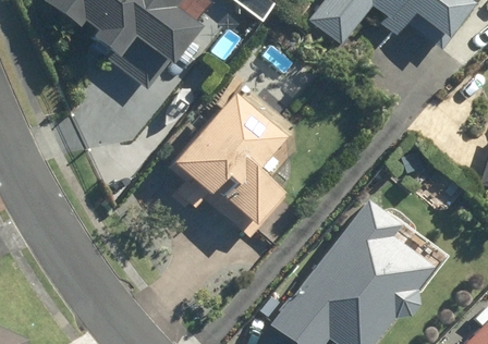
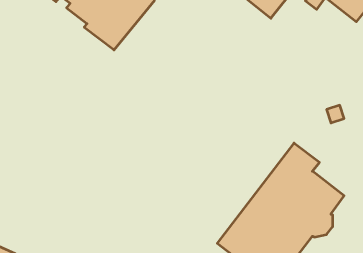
building: [171,93,286,236] -> none

